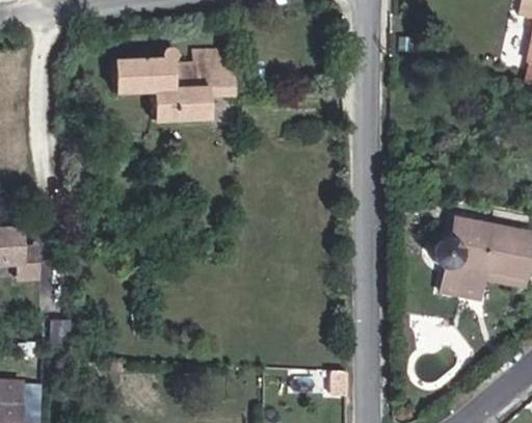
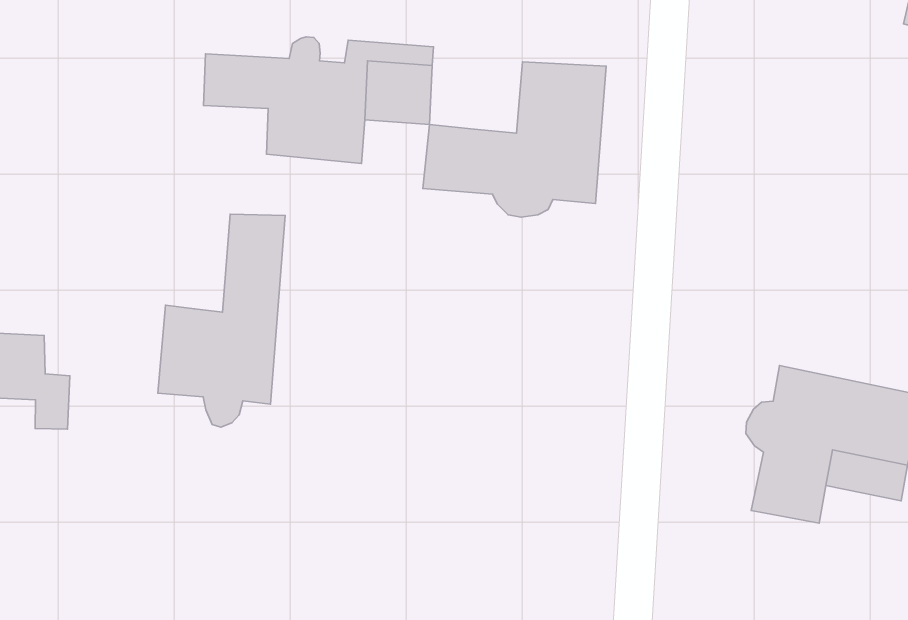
building: none -> [423,62,606,217]
building: none -> [158,214,285,427]

